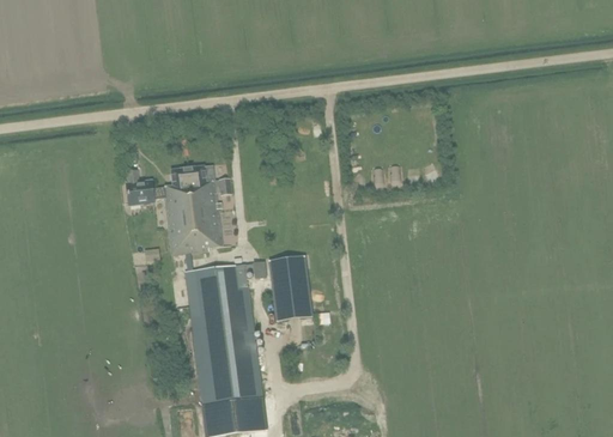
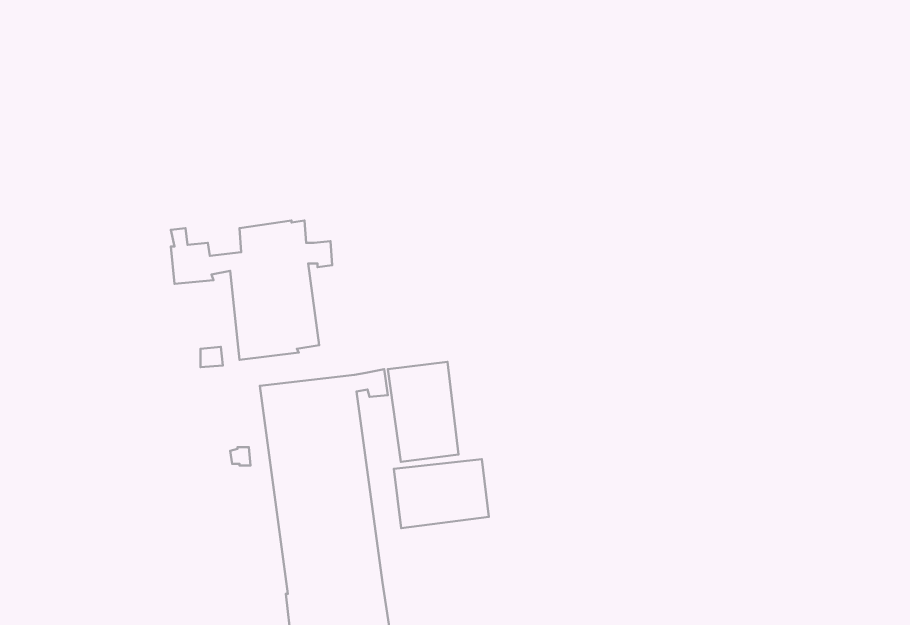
building: none -> [394,459,489,528]

